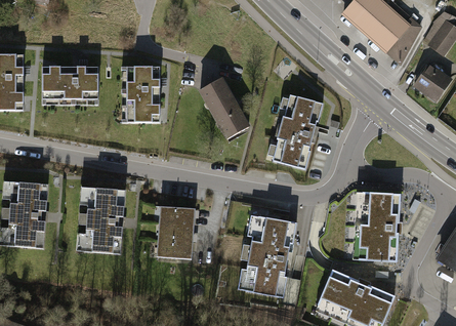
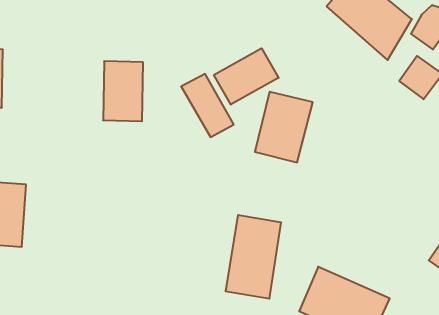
building: none -> [214,48,279,105]
building: [42,67,100,105] -> none
building: [77,189,124,252] -> none
building: [350,190,403,263] -> none
building: [153,201,195,257] -> none

